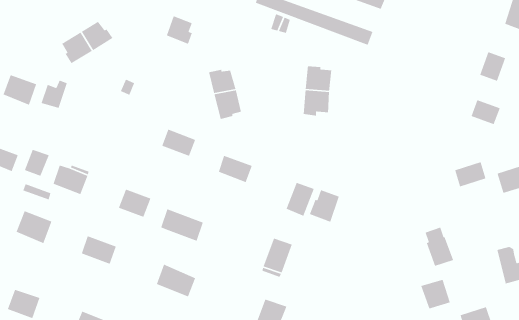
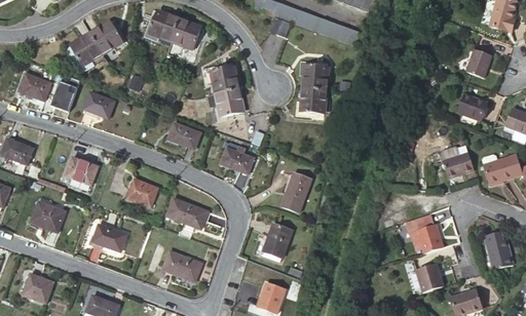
building: none -> [150,9,179,36]
building: none -> [82,91,114,118]
building: [24,149,50,177] -> none
building: [309,189,340,223] -> none

